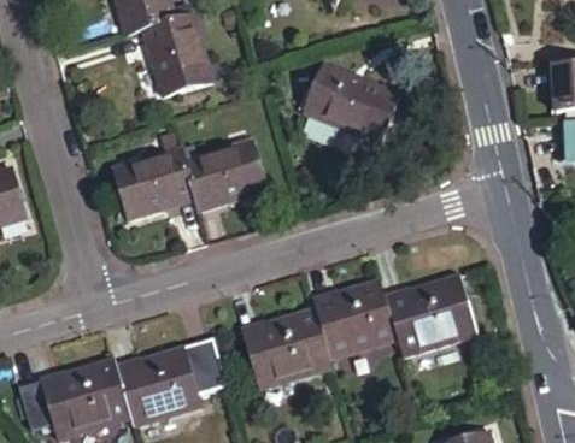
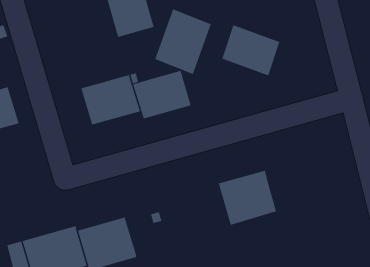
building: none -> [154,8,212,75]
building: [382,277,474,356] -> none
building: [239,308,330,386] -> none
building: [181,338,223,397] -> none

